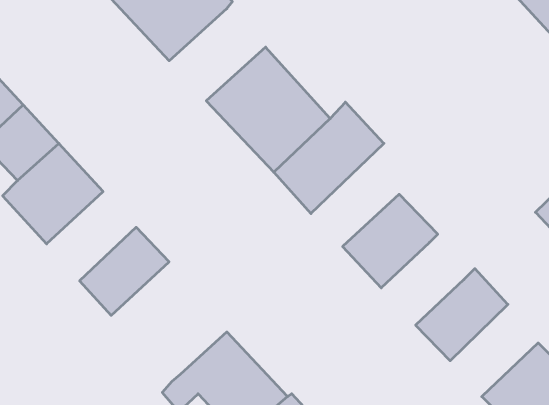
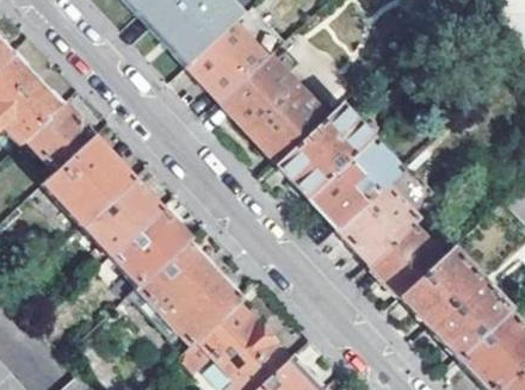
building: none -> [190,23,273,103]
building: none -> [313,140,404,229]
building: none -> [84,181,161,271]
building: none -> [373,225,445,297]
building: none -> [140,242,243,346]
building: none -> [433,279,511,359]

